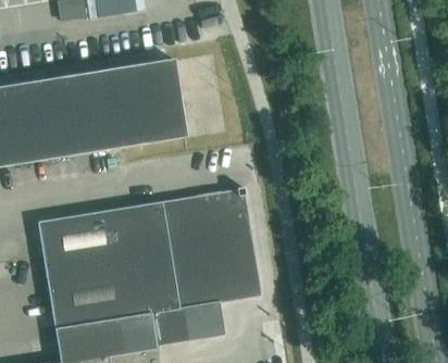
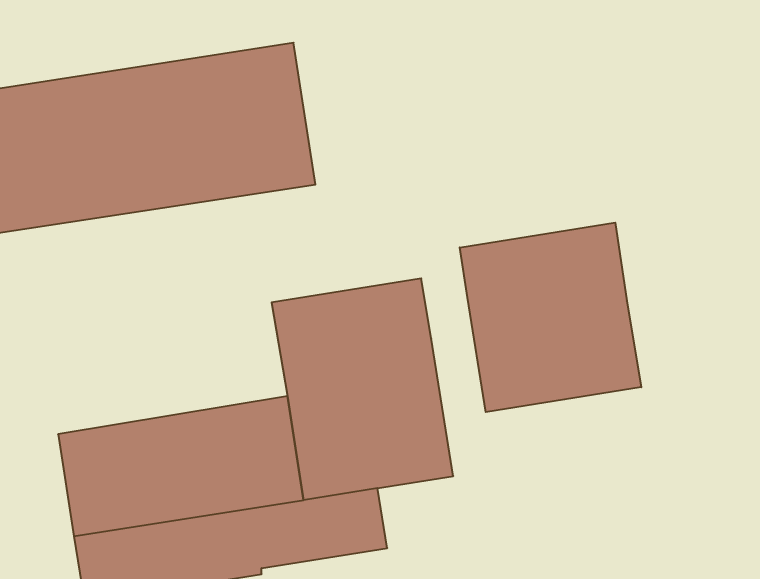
building: none -> [460,223,641,412]
building: [37,201,171,273] -> none

